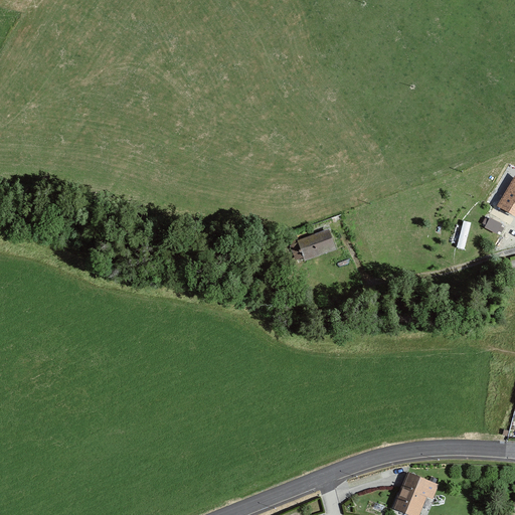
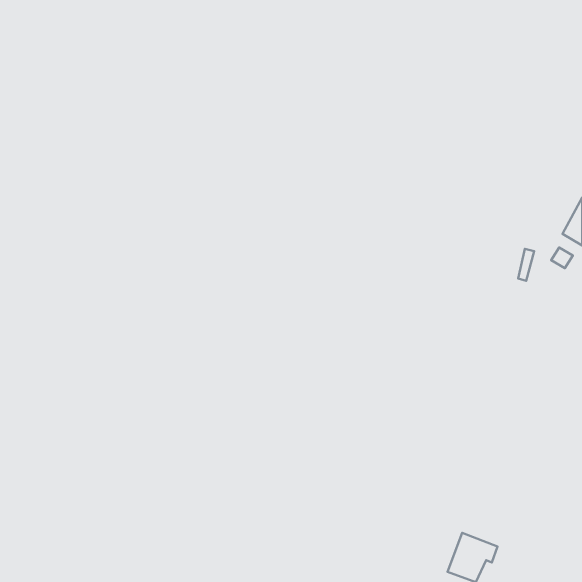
building: [300,231,336,263] -> none

